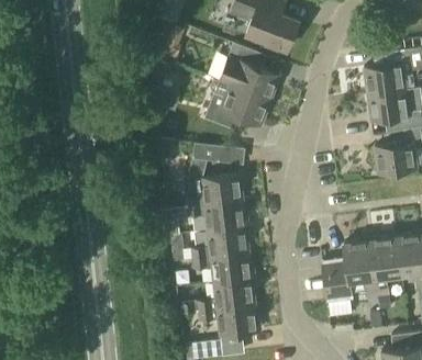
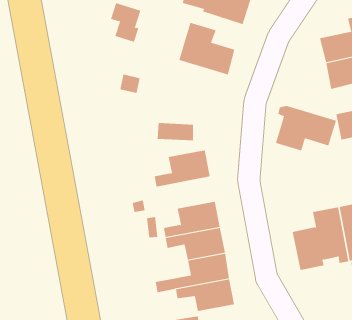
building: [204,81,268,128] -> [275,105,337,151]
building: [187,201,246,230] -> none

